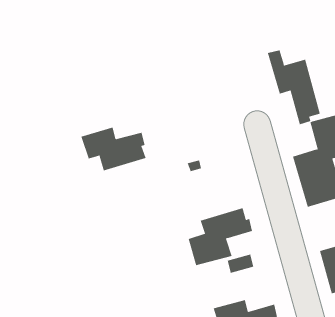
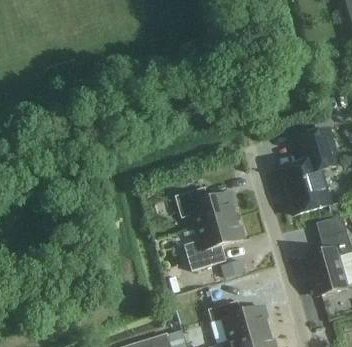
building: [267,50,321,125] -> none
building: [80,127,147,171] -> [175,186,236,227]

